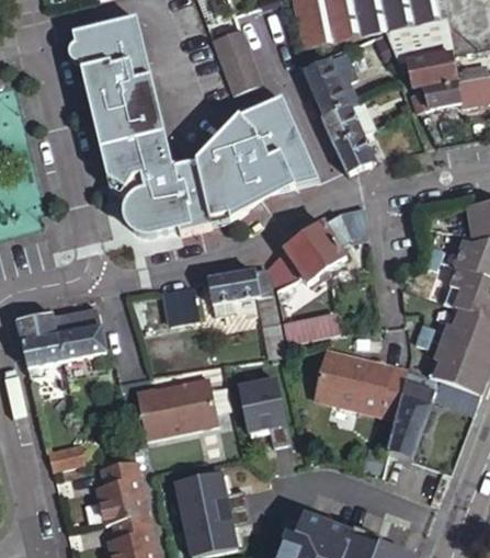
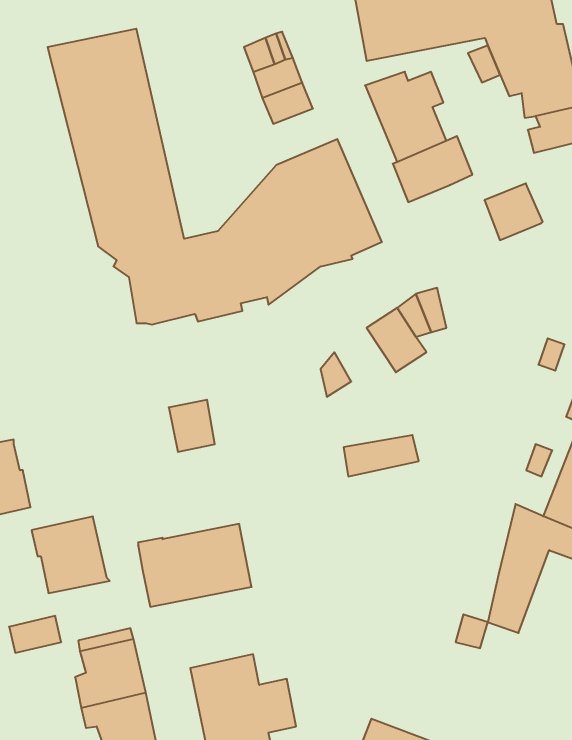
building: [332,135,374,175] -> [484,183,543,240]
building: [283,237,328,287] -> none
building: [205,270,281,353] -> none
building: [50,310,106,365] -> [32,516,110,593]
building: [317,344,409,413] -> none
building: [239,377,288,445] -> none

